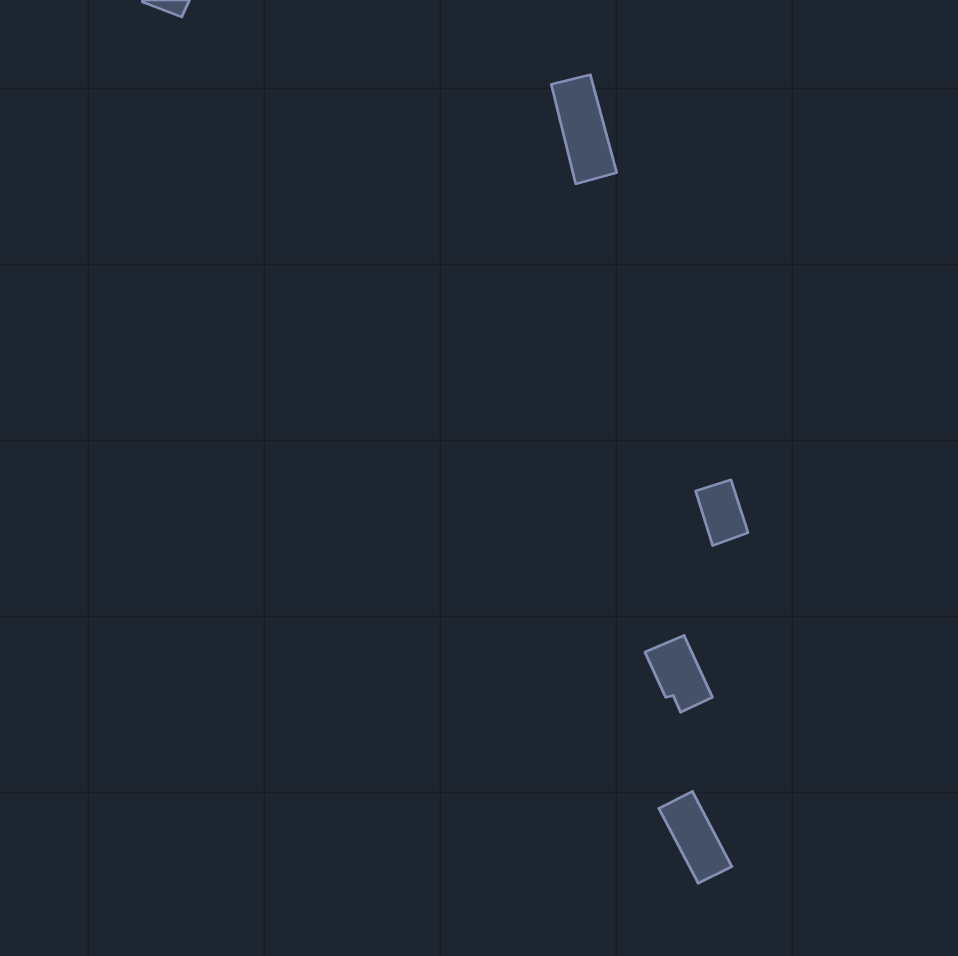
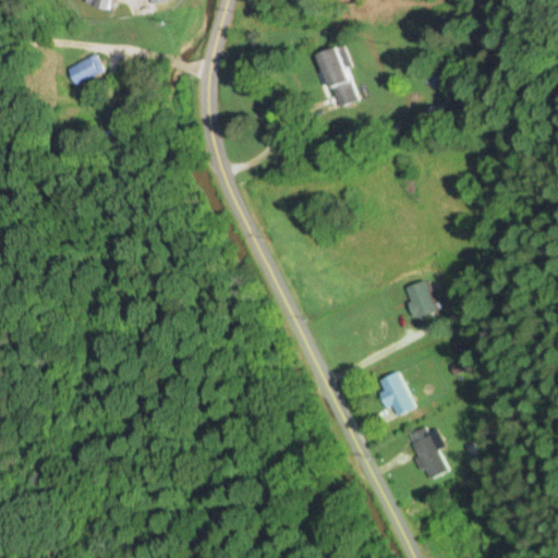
building: none -> [68,53,106,86]
building: [659,791,732,883] -> [407,425,449,478]

